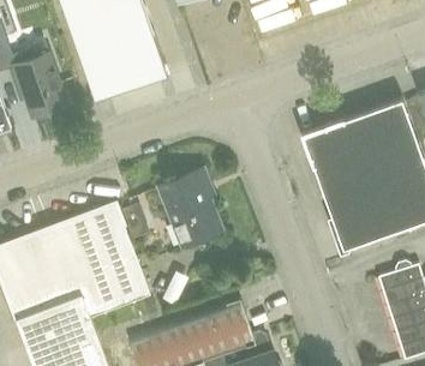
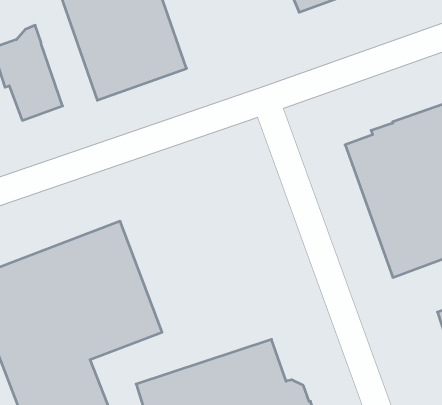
building: [157,169,219,245] -> none

